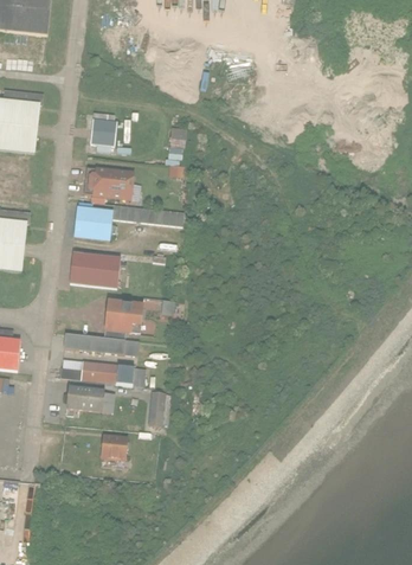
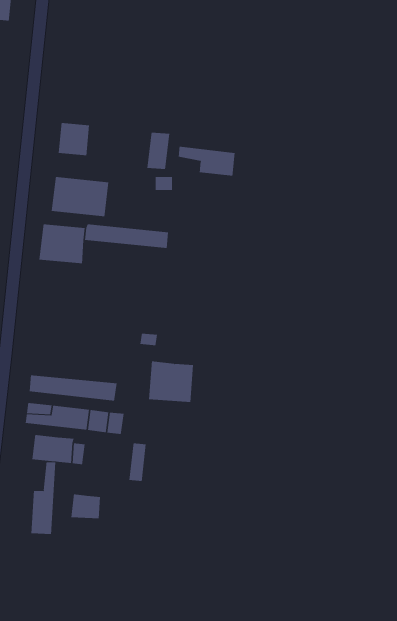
building: none -> [178,146,235,177]
building: [71,253,122,288] -> none
building: [107,298,146,334] -> [148,361,194,402]
building: none -> [31,462,56,535]

